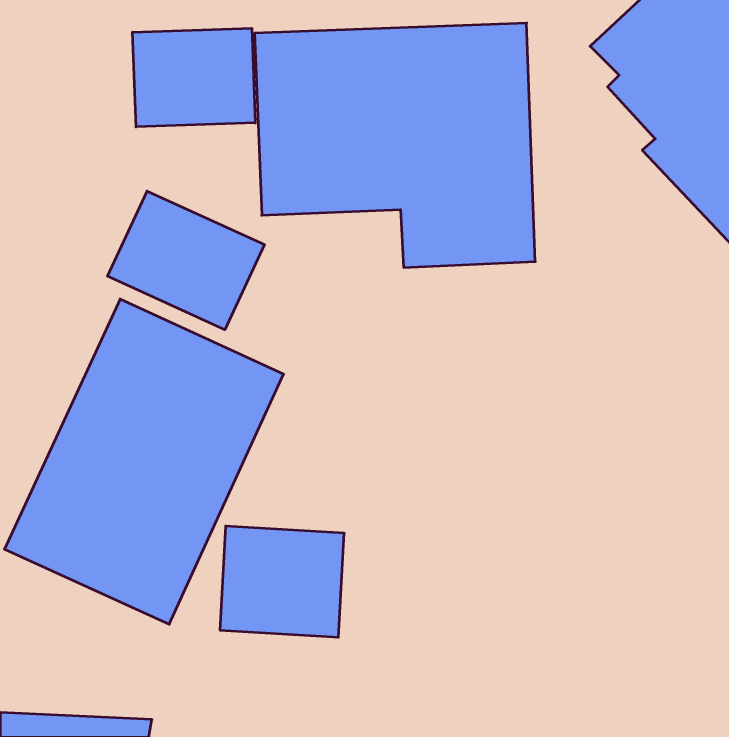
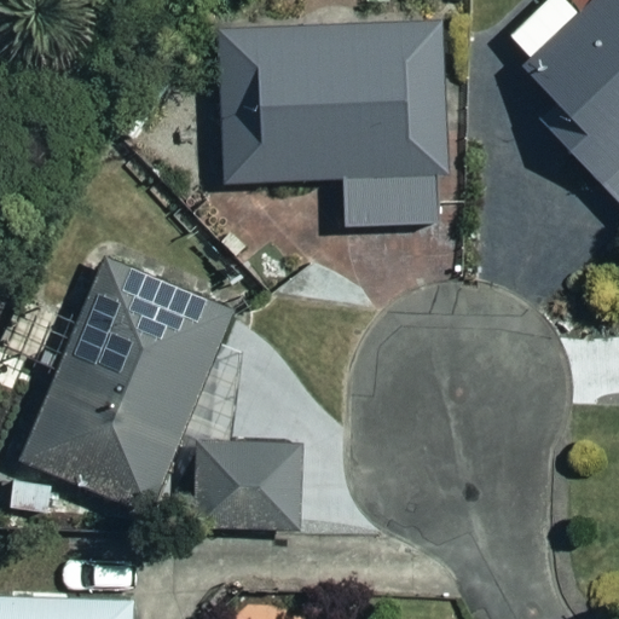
building: [132,28,255,127] -> none
building: [108,191,264,330] -> none

